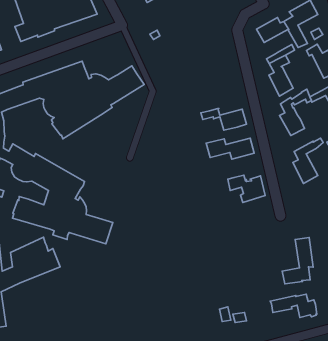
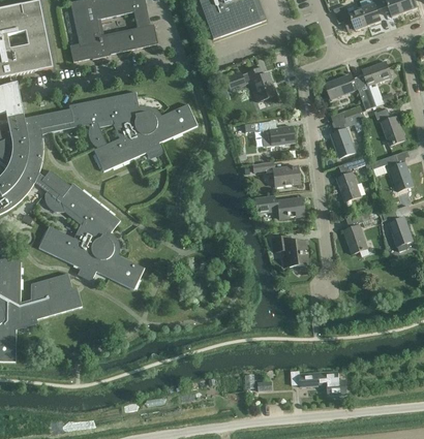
building: none -> [220,66,276,101]
building: none -> [244,120,295,146]
building: [282,237,313,284] -> none

